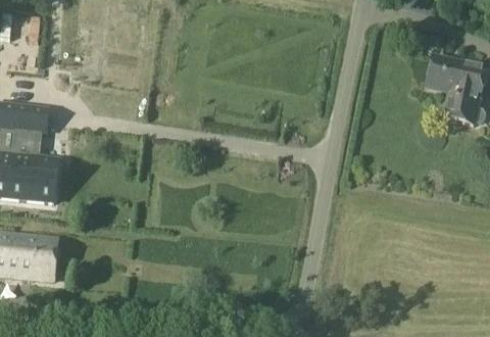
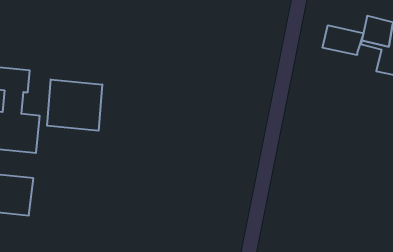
building: none -> [323,25,363,55]
building: none -> [47,79,102,131]

